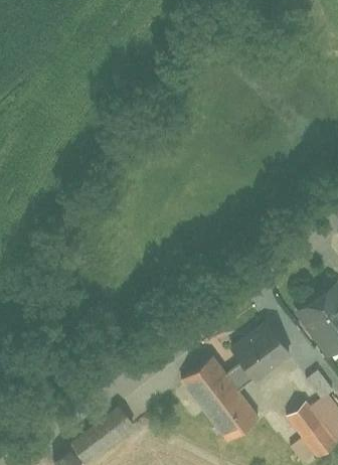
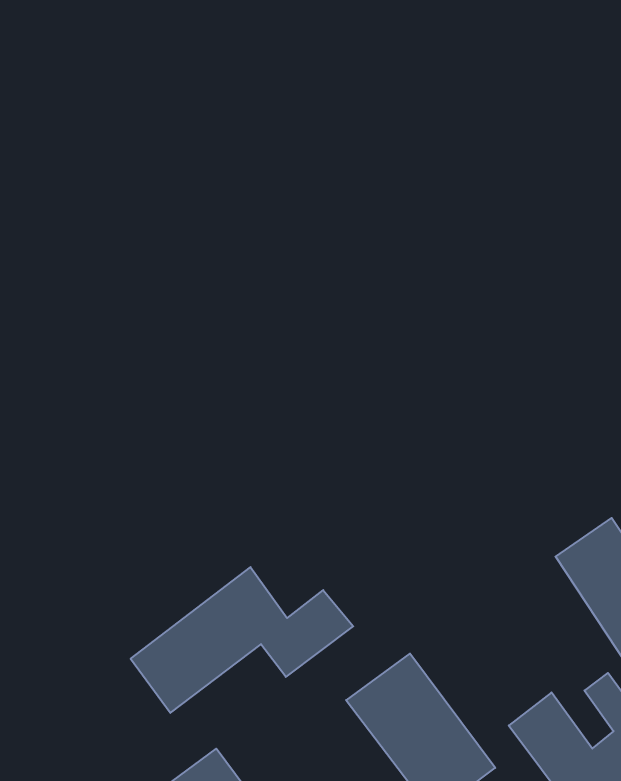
building: none -> [131,567,353,713]
building: [230,322,292,381] -> none

